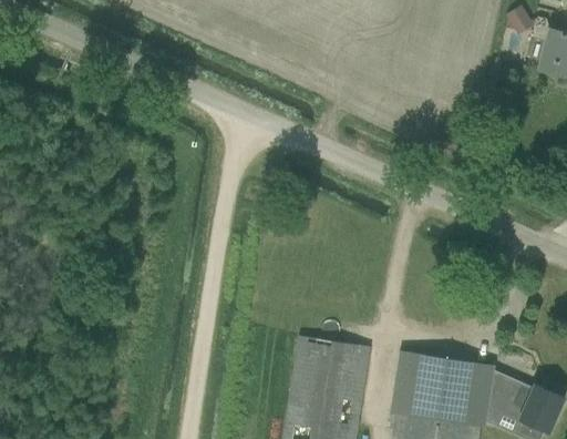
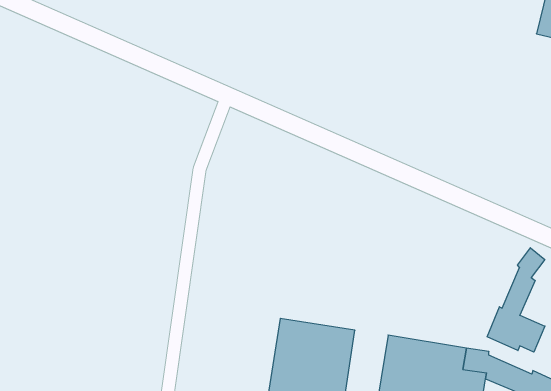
building: none -> [487,248,545,352]

